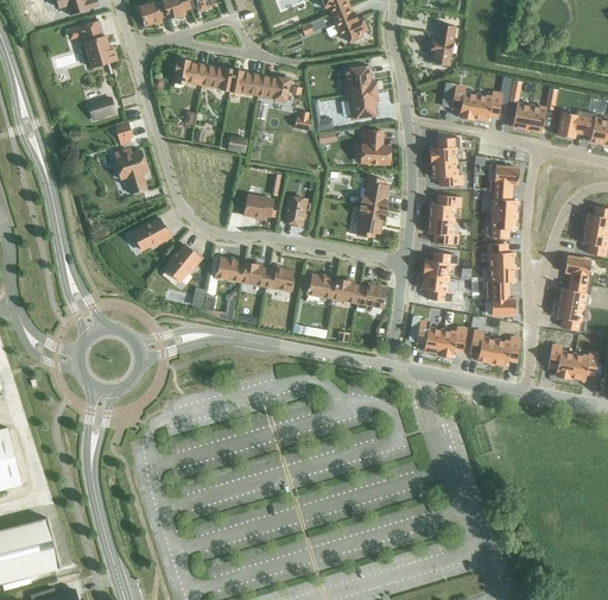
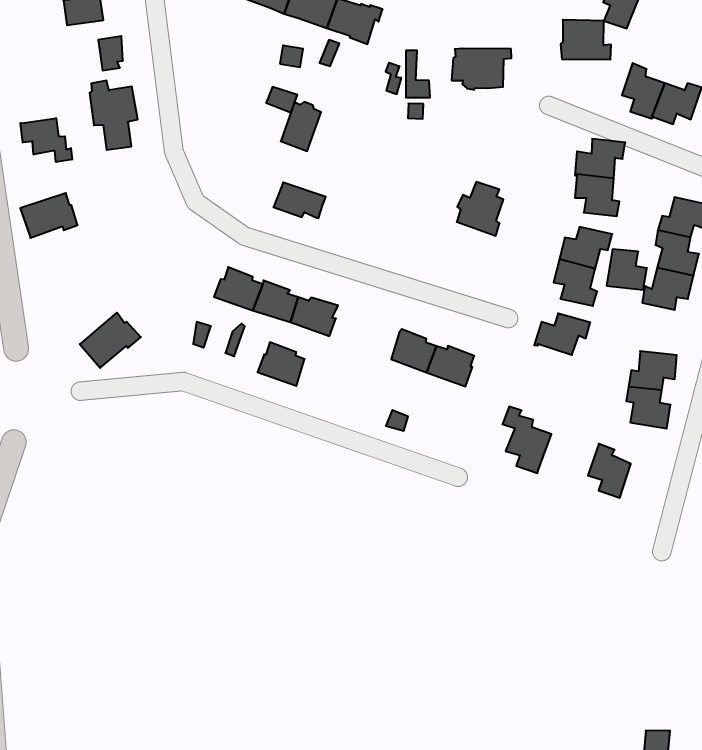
building: [342,65,376,94] -> [561,20,611,59]
building: [360,130,390,163] -> none
building: none -> [20,118,72,162]
building: [284,194,306,225] -> [281,102,321,151]
building: [357,204,385,236] -> none
building: [132,217,170,250] -> [20,193,78,238]
building: [489,242,513,267] -> [607,249,647,290]
building: [164,244,202,280] -> [80,313,141,368]
building: [306,273,335,298] -> [257,342,305,386]
building: [422,273,449,302] -> none
building: [437,327,466,356] -> none
building: [492,337,520,365] -> none

